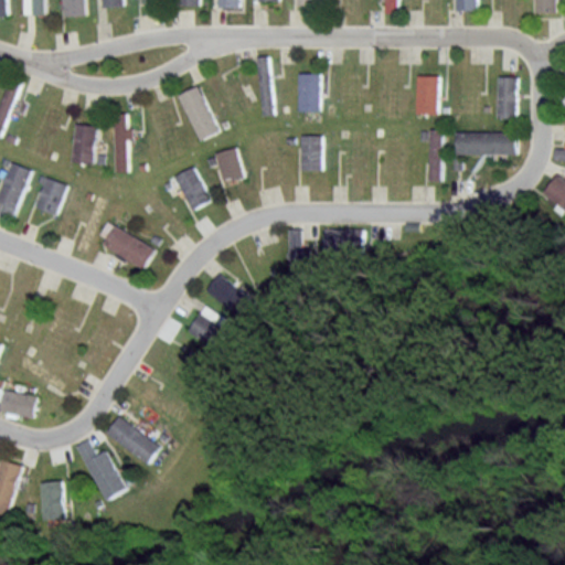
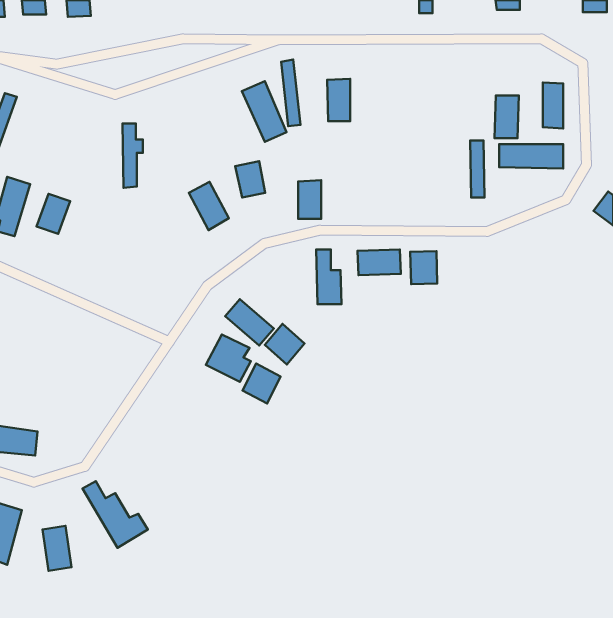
building: [414,75,436,114] -> [494,96,519,138]
building: [177,86,217,141] -> [242,81,287,142]
building: [68,124,95,163] -> none
building: [301,135,322,170] -> [298,180,321,219]
building: [97,221,152,269] -> none
building: none -> [410,251,437,284]
building: none -> [265,324,305,364]
building: none -> [243,364,281,404]
building: [106,416,161,463] -> none

